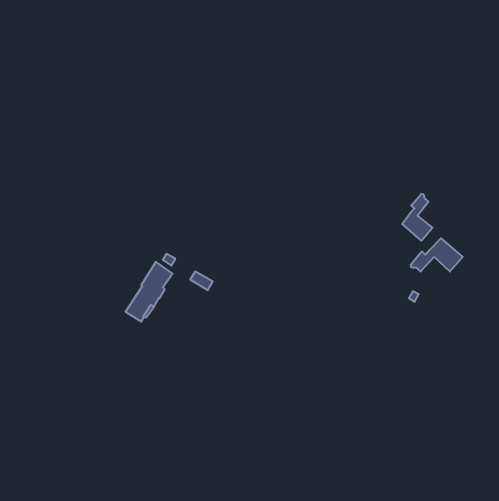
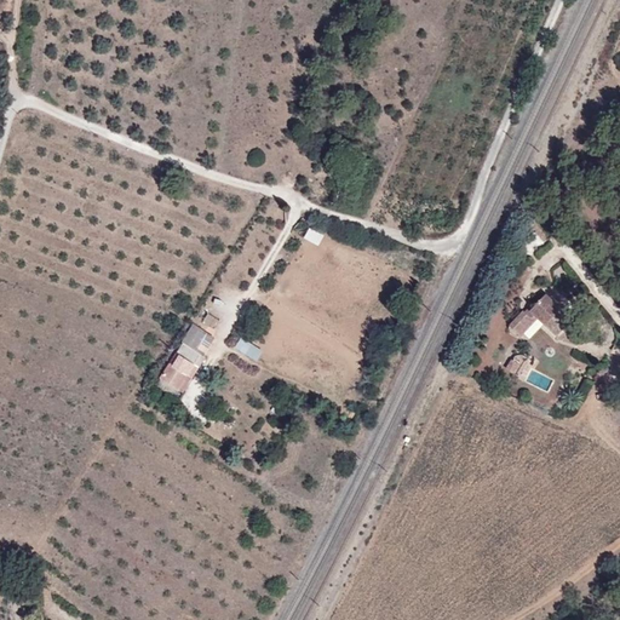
building: [402,194,433,241] -> none

